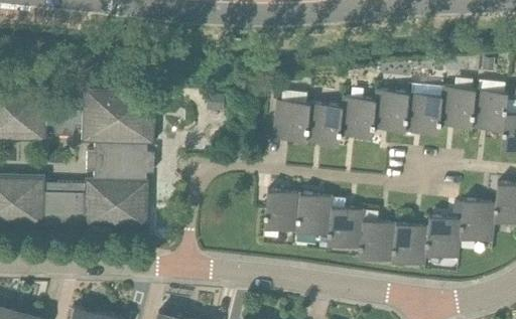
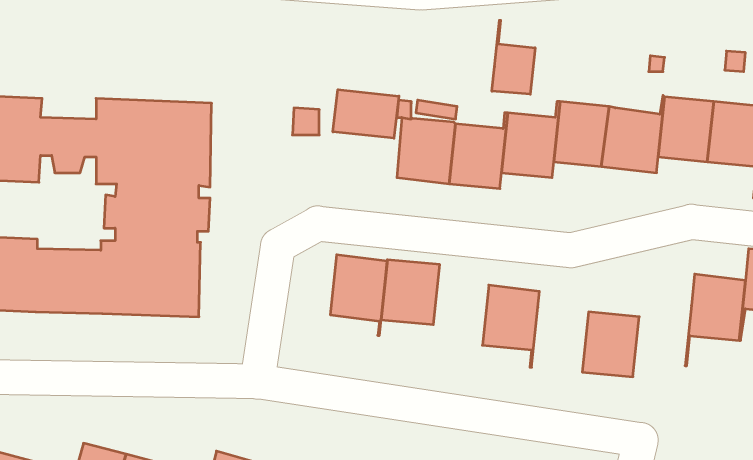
building: none -> [492,20,535,94]
building: none -> [333,90,399,138]
building: [296,192,333,244] -> [330,255,387,335]
building: [423,215,461,264] -> none
building: [359,219,395,261] -> none

